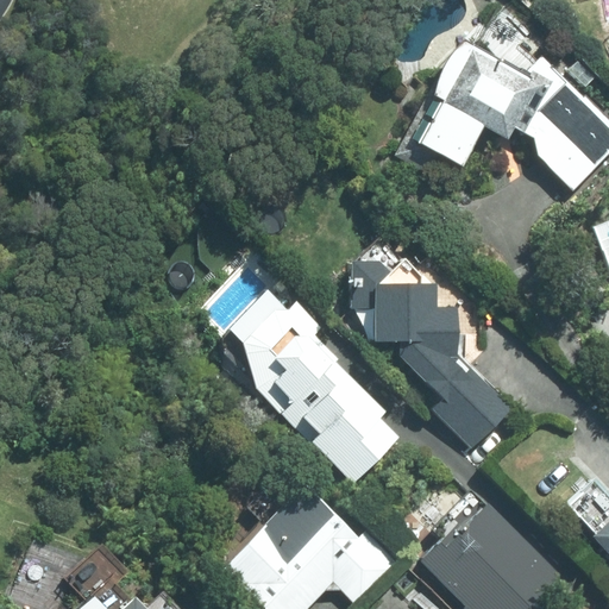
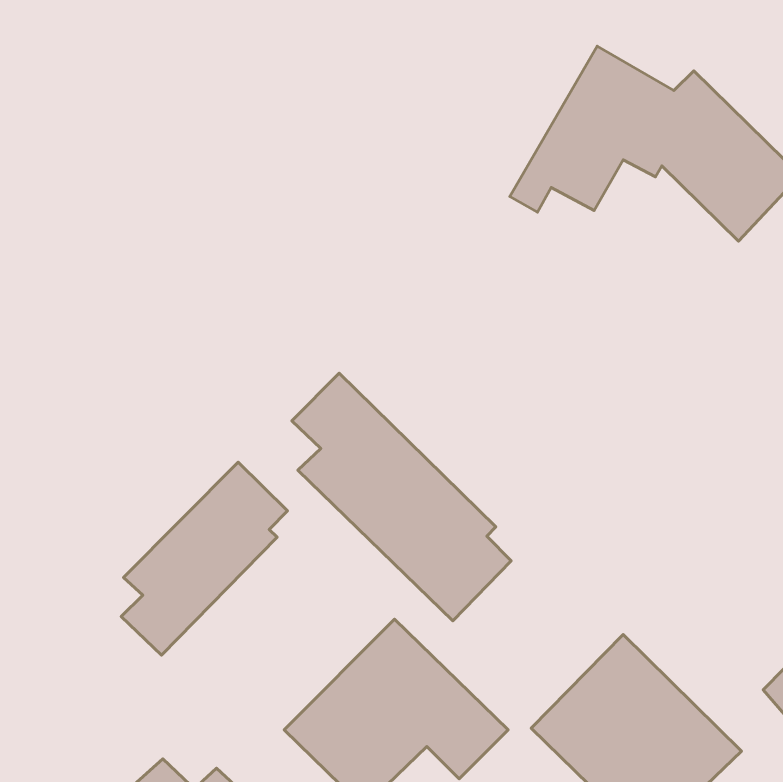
building: [351,258,513,451] -> none
building: none -> [121,462,287,655]

